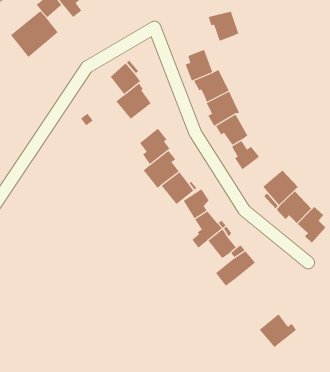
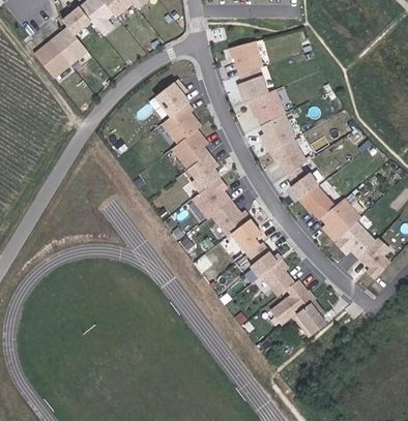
building: [208,11,239,41] -> [223,38,257,71]
building: none -> [167,126,203,167]
building: none -> [295,182,330,216]
building: [259,314,297,348] -> [288,297,329,334]

